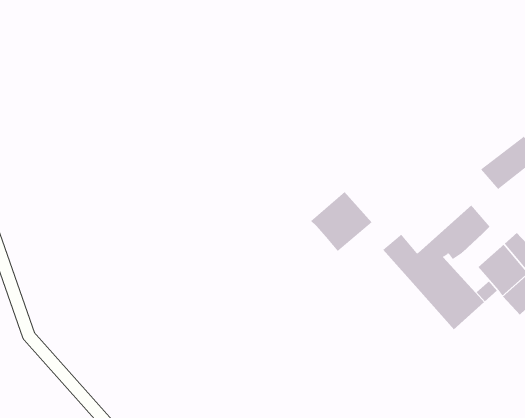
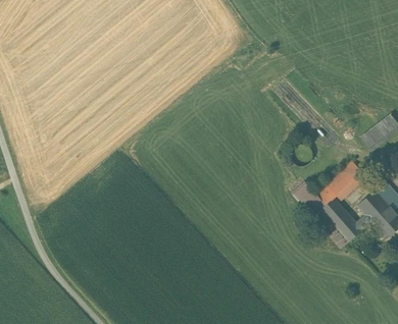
building: [310,191,372,252] -> none

